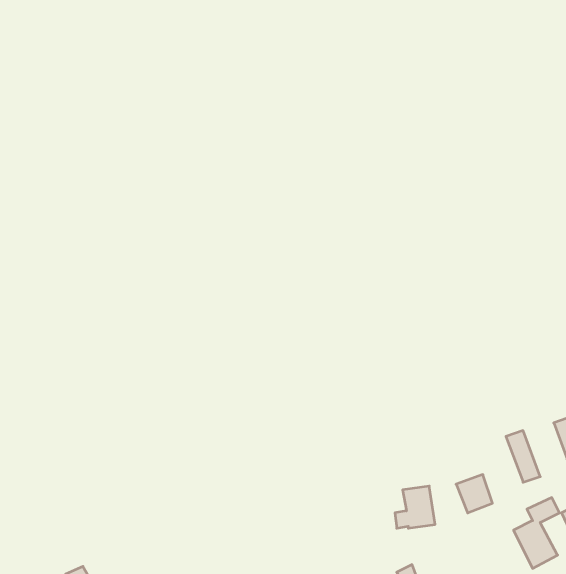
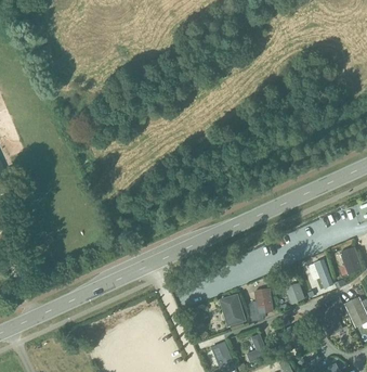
building: none -> [220,295,247,328]

